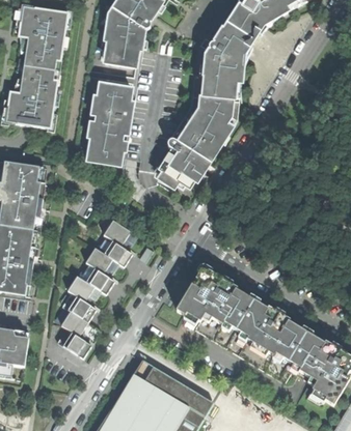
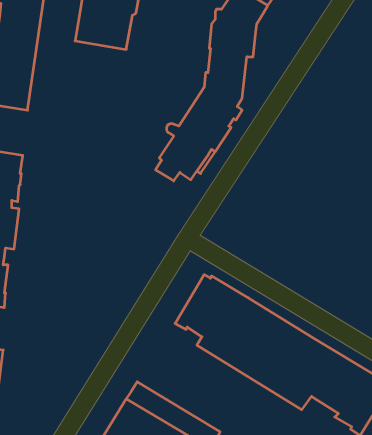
building: [76,74,133,165] -> none
building: [57,219,136,357] -> none

